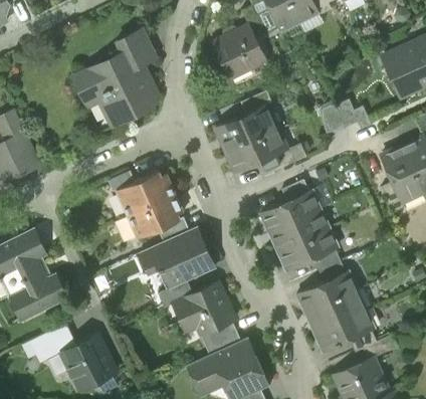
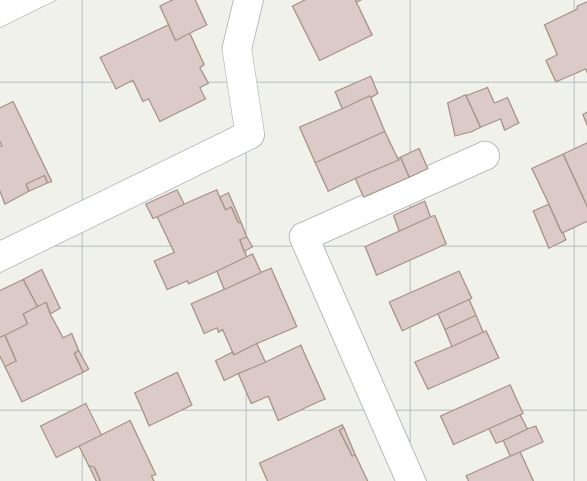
building: [270,210,329,251] -> none
building: [306,290,365,332] -> none
building: none -> [135,372,192,426]
building: [201,321,240,355] -> none

